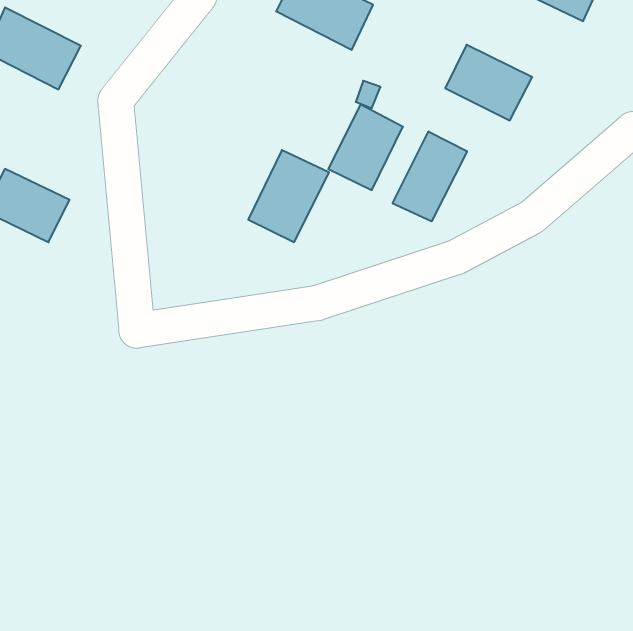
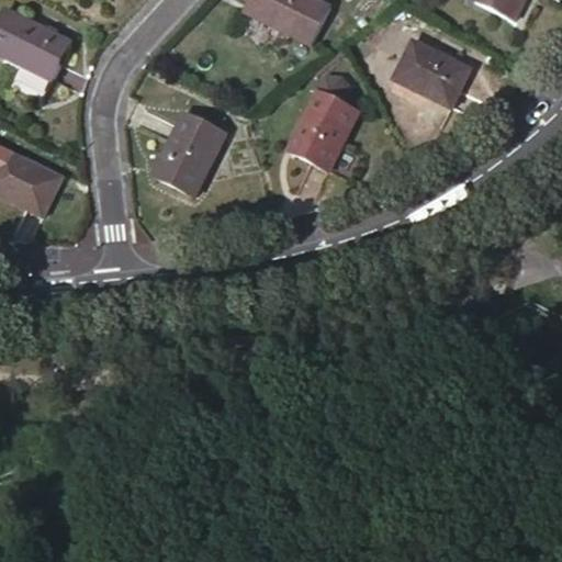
building: [393,131,467,221] -> none
building: [248,150,329,242] -> [154,113,225,194]

